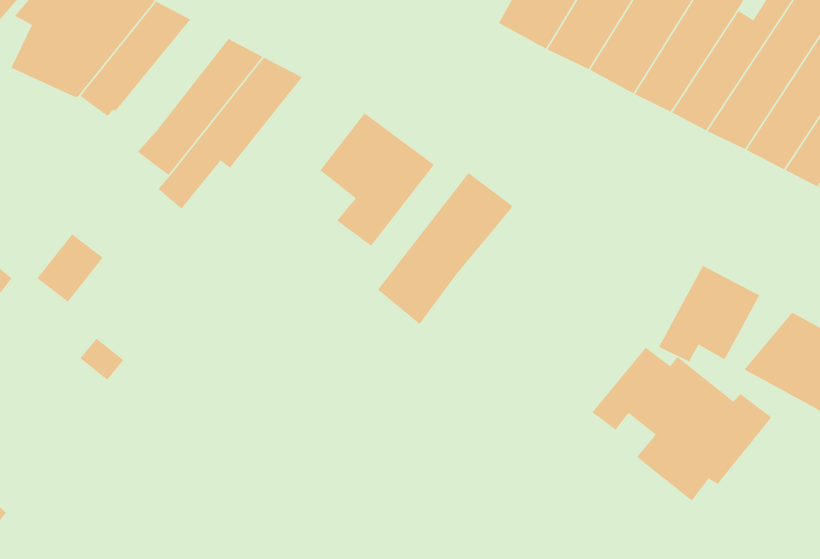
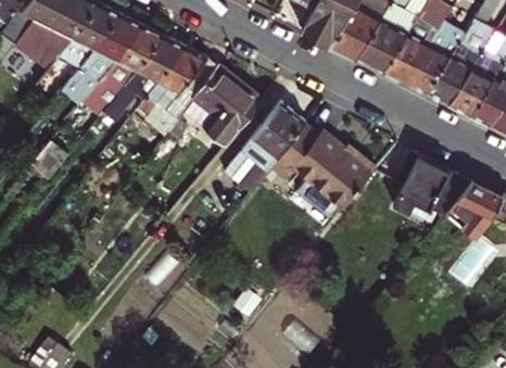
building: none -> [72,20,142,90]
building: none -> [135,53,222,132]
building: [592,347,772,501] -> [276,130,381,220]

